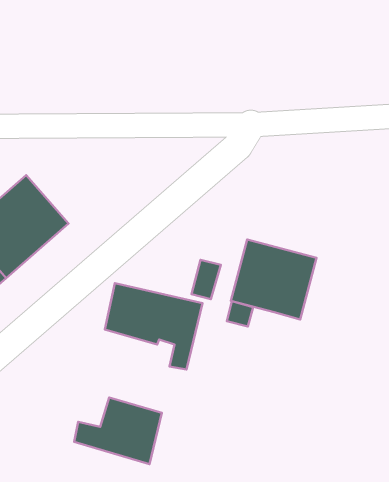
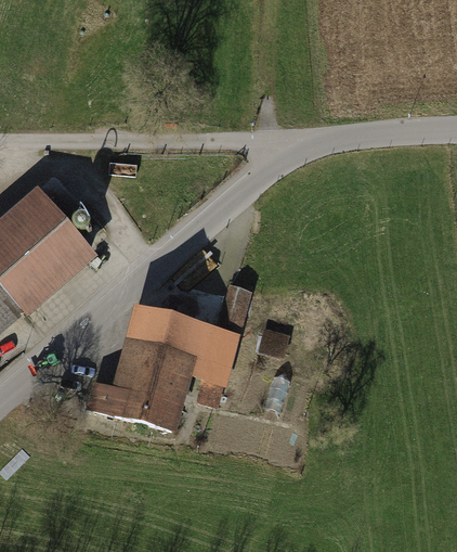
building: [231,239,317,319] -> none
building: [74,398,162,464] -> [90,358,184,429]

